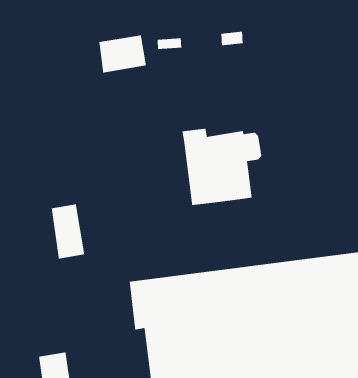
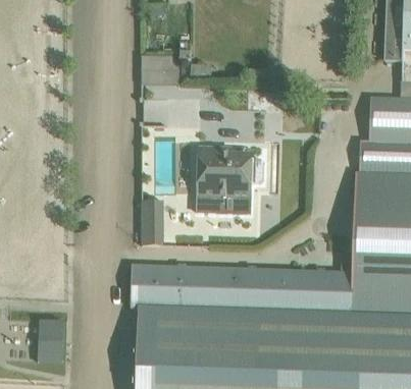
building: [51,204,85,259] -> [140,199,163,243]

